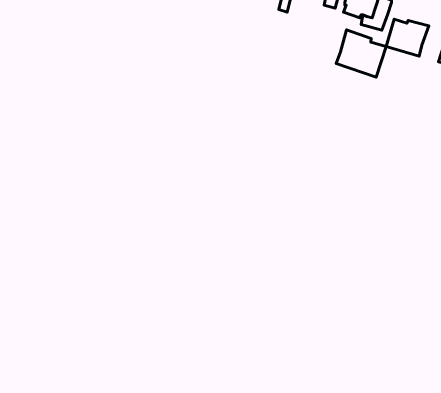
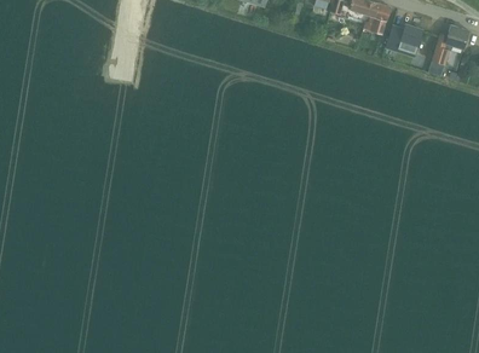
building: [336,30,386,77] -> none

